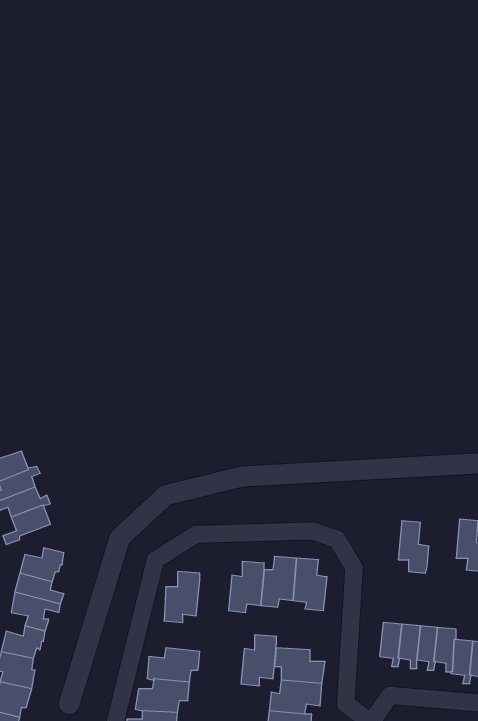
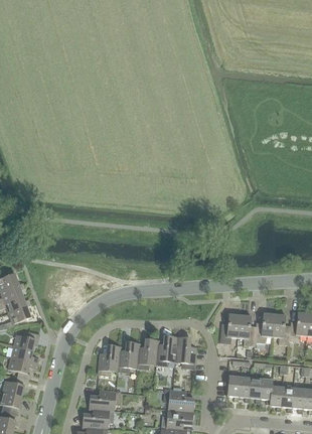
building: none -> [255,312,274,342]
building: none -> [219,313,240,343]
building: [241,635,277,686] -> [118,341,139,372]

